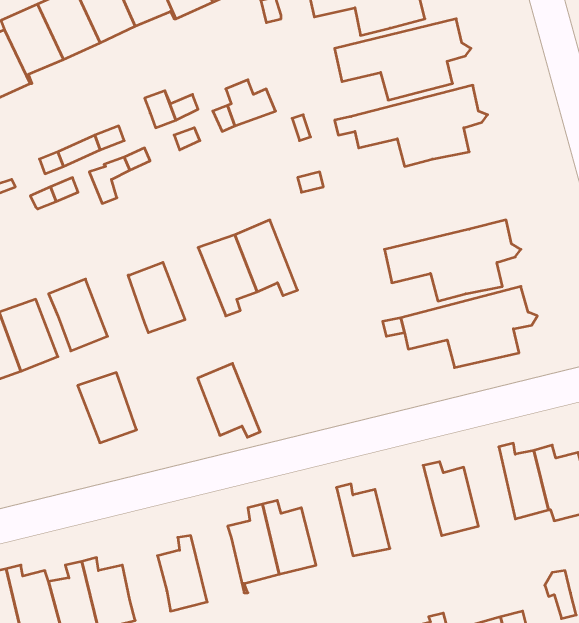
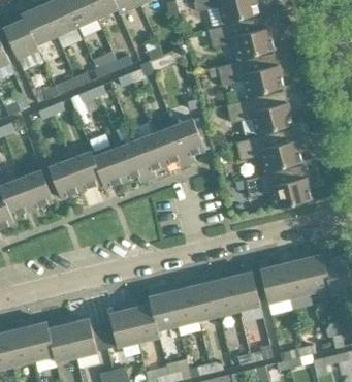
building: none -> [227,89,303,136]
building: none -> [172,119,205,165]
building: [198,363,260,437] -> [113,141,148,183]
building: [78,373,137,443] -> [69,152,102,191]
building: none -> [281,253,310,297]
building: none -> [231,265,260,310]
building: none -> [190,276,219,319]
building: none -> [128,299,158,340]

